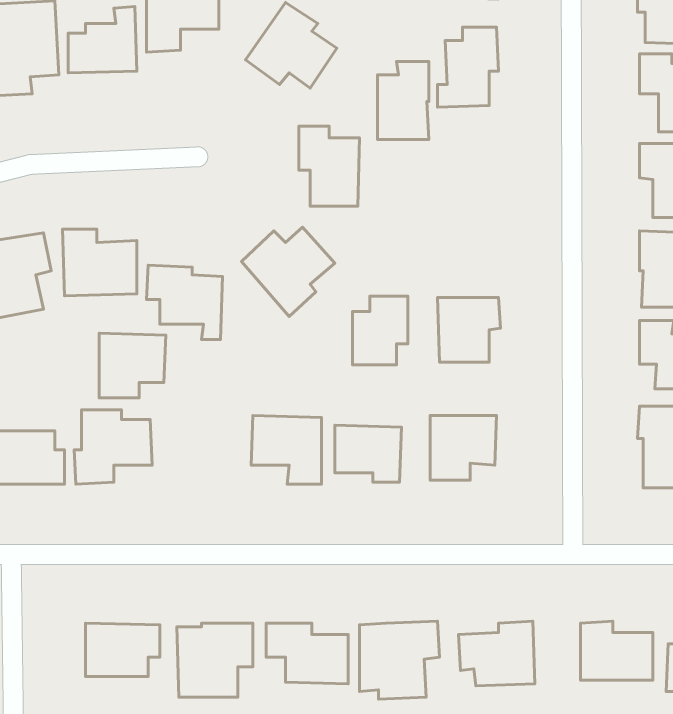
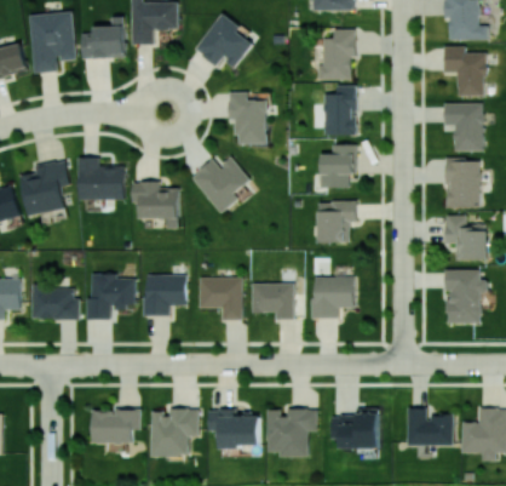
building: [377,62,429,140] -> [323,85,356,135]
building: [353,296,408,365] -> [321,144,356,188]
building: [99,333,166,398] -> [144,274,186,315]

